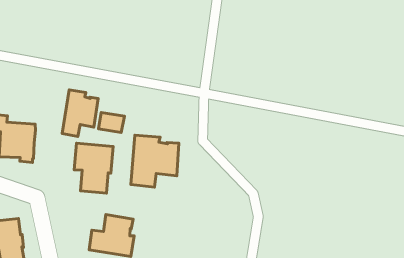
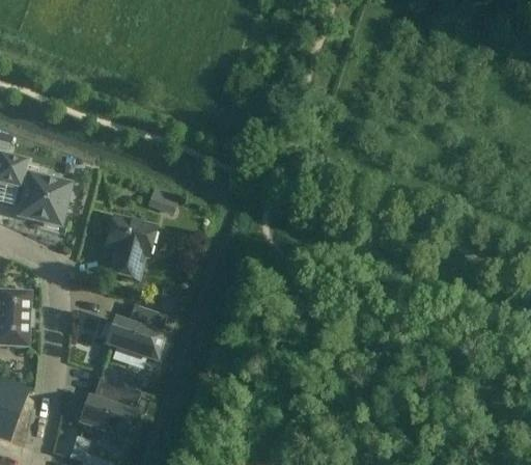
building: [62,90,98,136] -> none
building: [131,135,179,187] -> none

